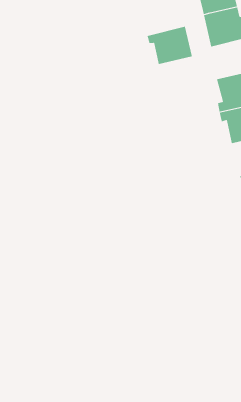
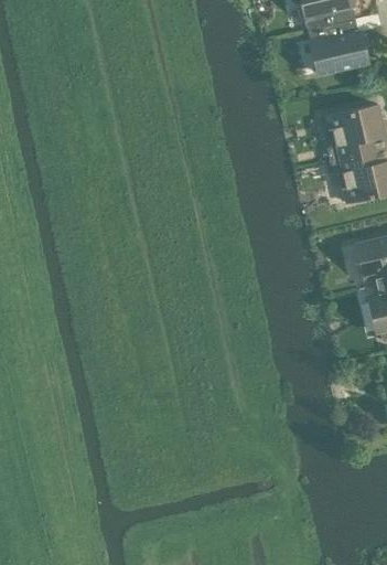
building: [147,26,193,65] -> none

